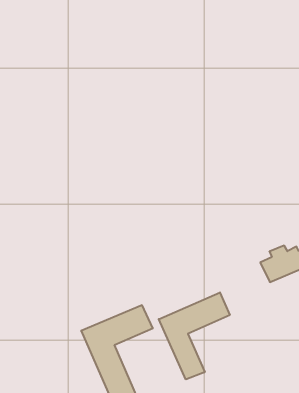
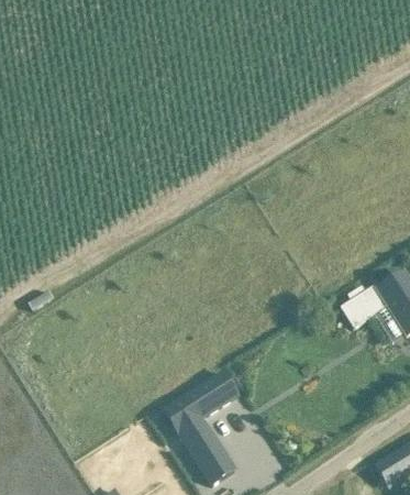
building: [159,292,230,379] -> none

